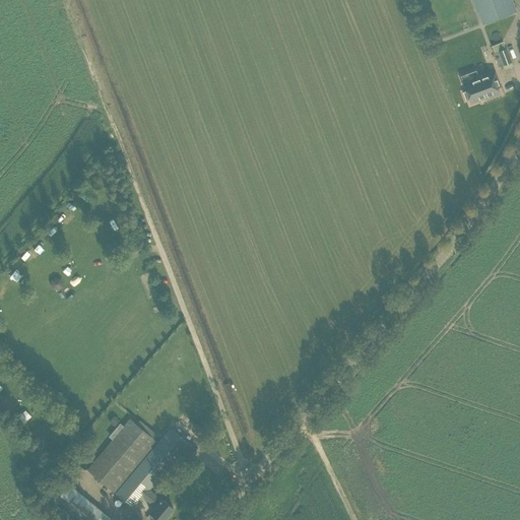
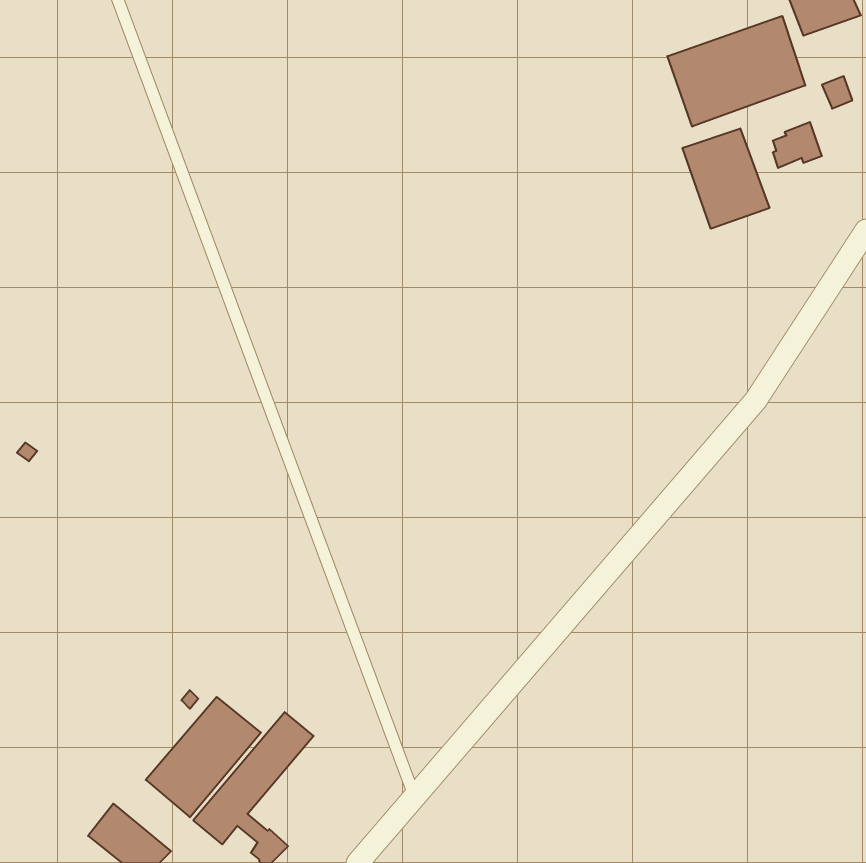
building: none -> [667,16,805,127]
building: none -> [683,128,769,229]

